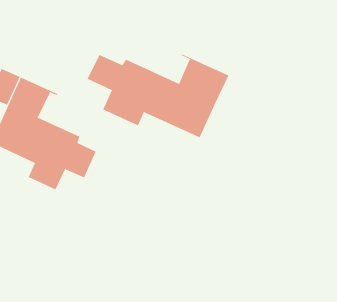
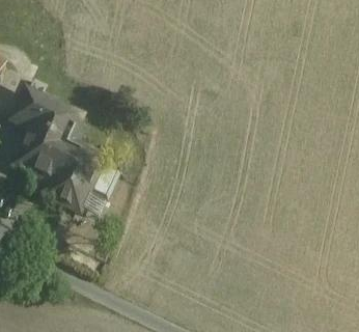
building: [87,54,229,138] -> none

